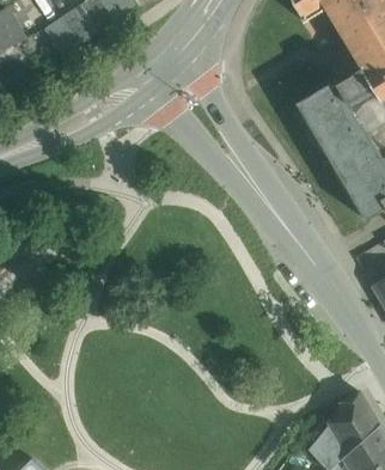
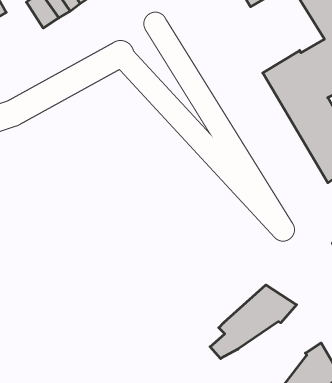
building: none -> [210,285,297,359]

